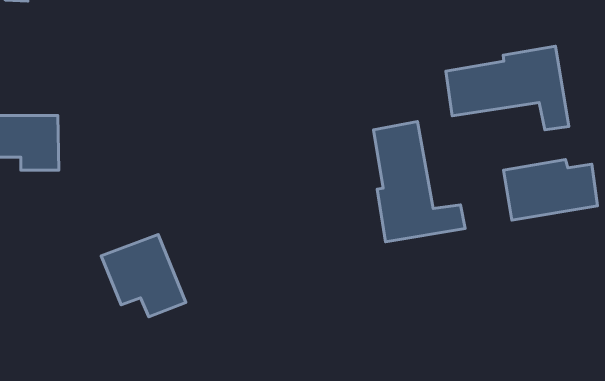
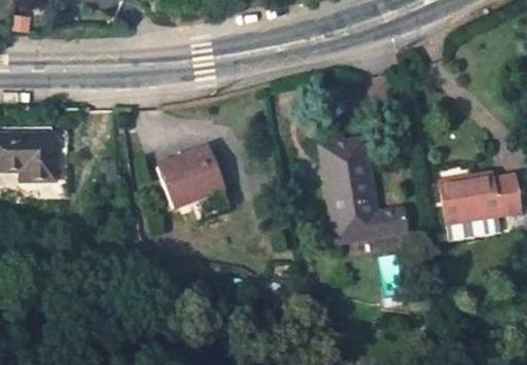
building: [446,46,569,130] -> none
building: [101,235,186,317] -> [156,145,230,216]

